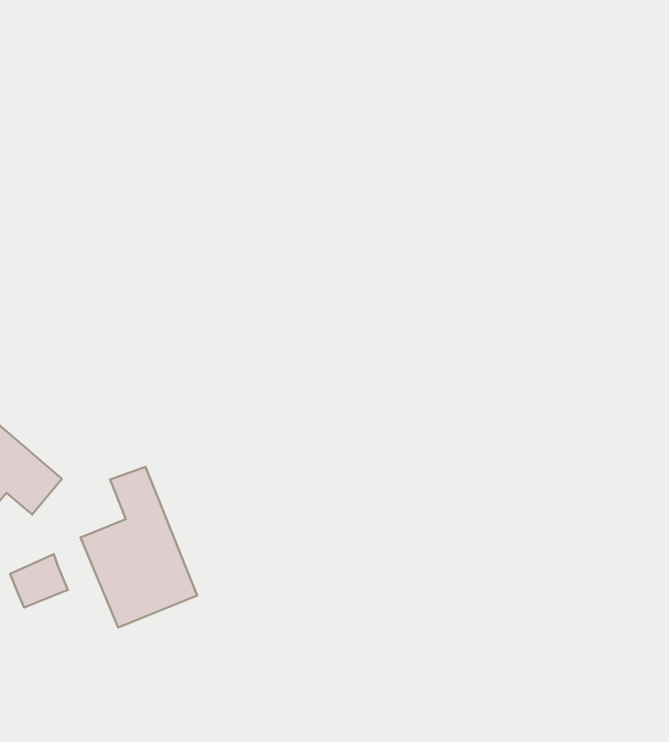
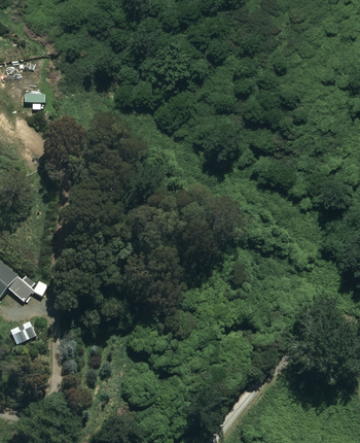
building: [81,467,197,628] -> none

